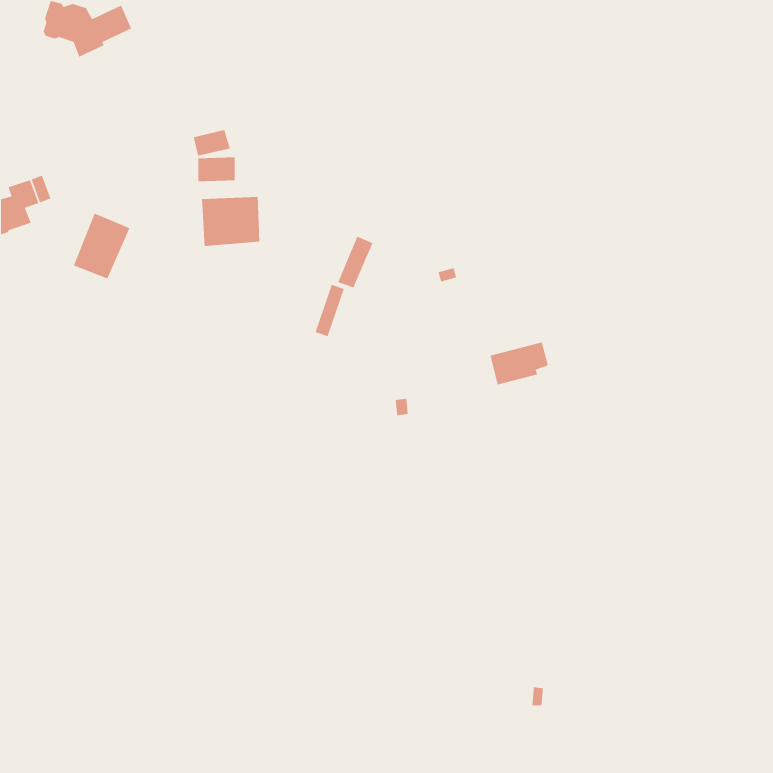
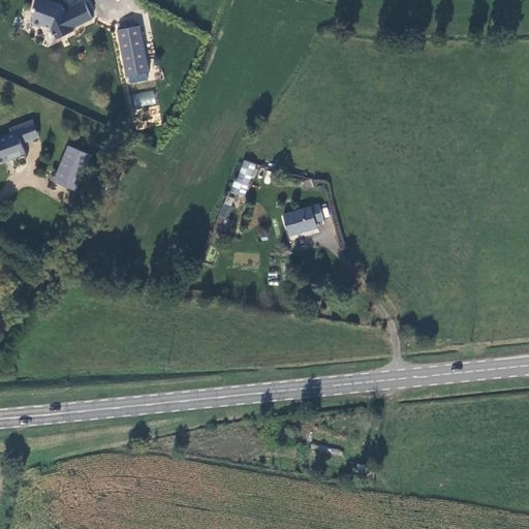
building: none -> [117,26,149,77]
building: [201,196,260,247] -> none
building: [489,341,549,386] -> [282,207,322,237]

